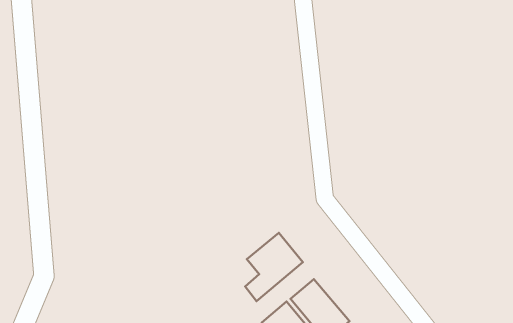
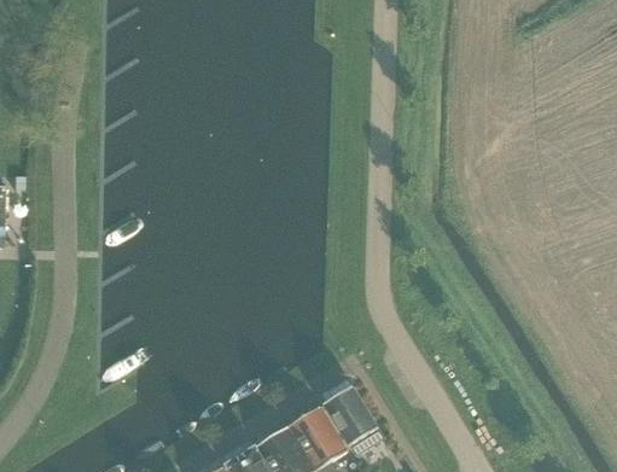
building: [245,233,303,301] -> none

